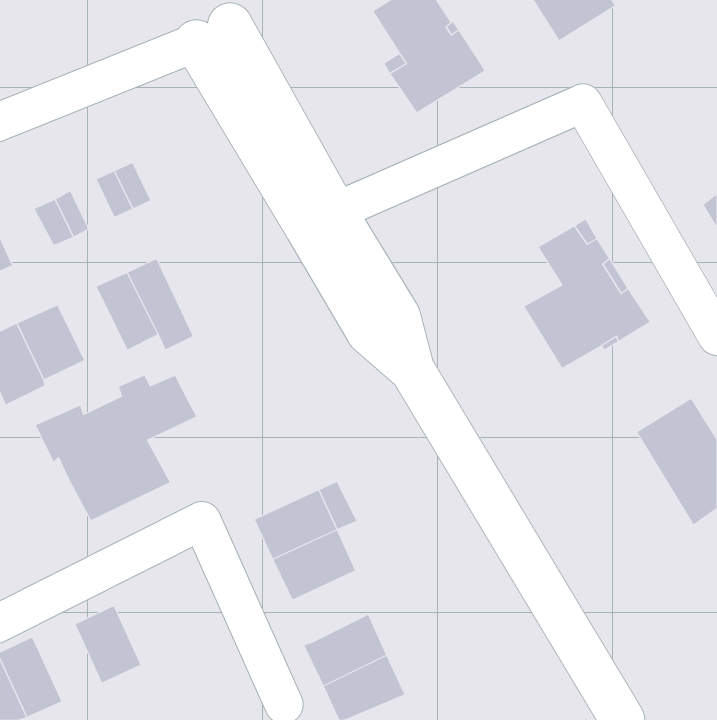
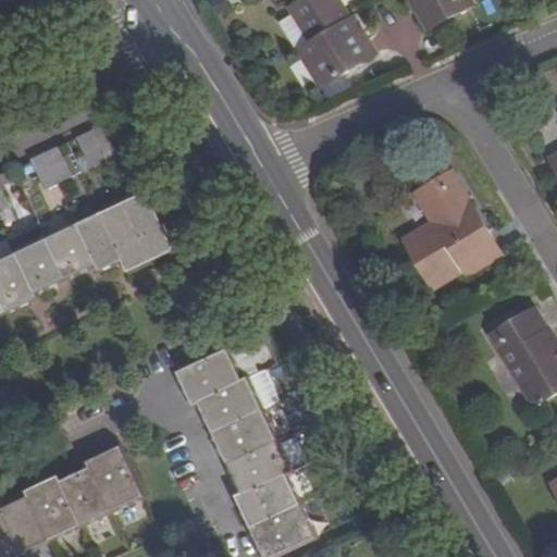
building: none -> [121,188,172,259]
building: none -> [45,221,95,277]
building: [35,375,197,521] -> none
building: none -> [175,348,240,403]
building: none -> [225,440,289,495]
building: none -> [86,447,140,512]
building: none -> [25,475,78,541]

